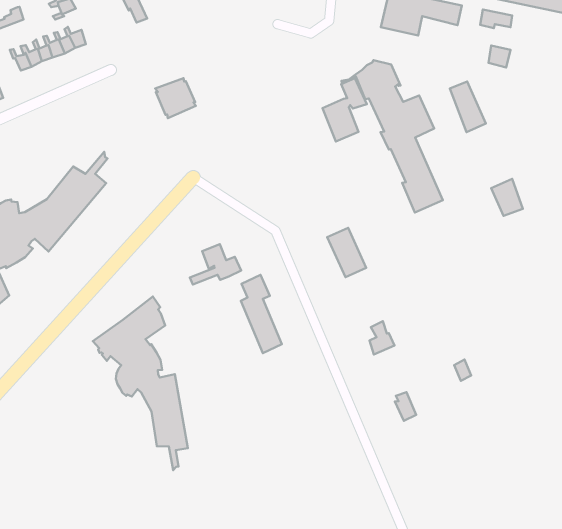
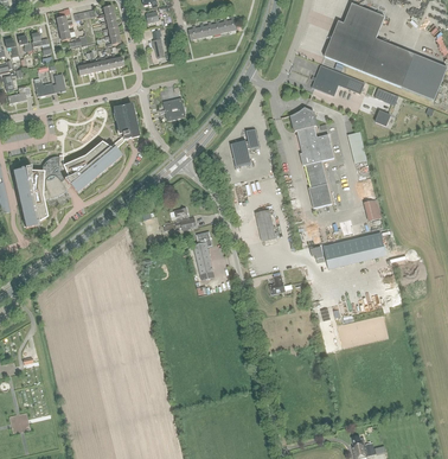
building: [323,78,367,141] -> [231,128,260,166]
building: none -> [114,103,139,139]
building: none -> [322,232,385,267]
building: [93,297,188,470] -> none

